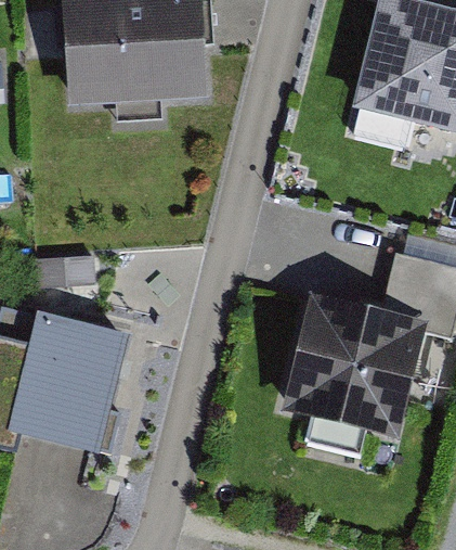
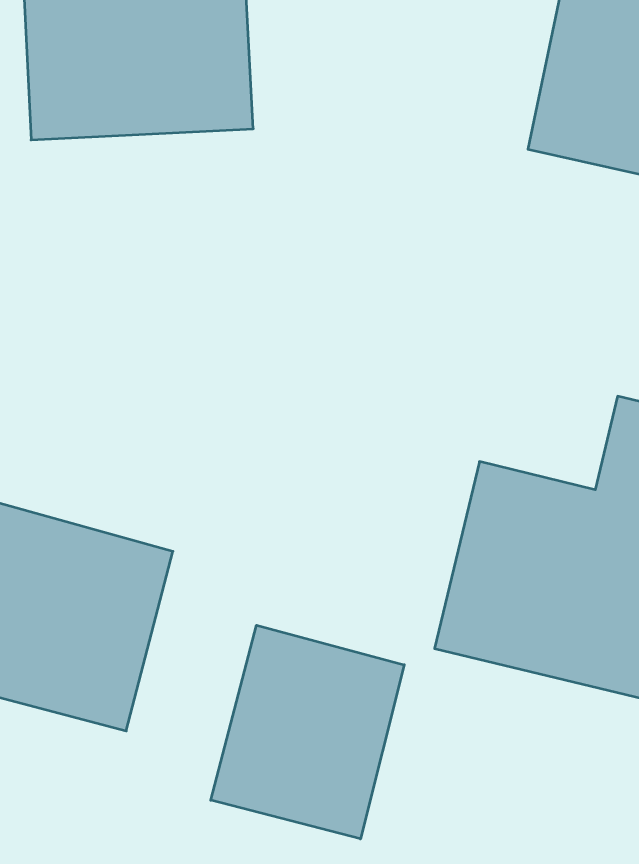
building: none -> [211,625,404,839]

